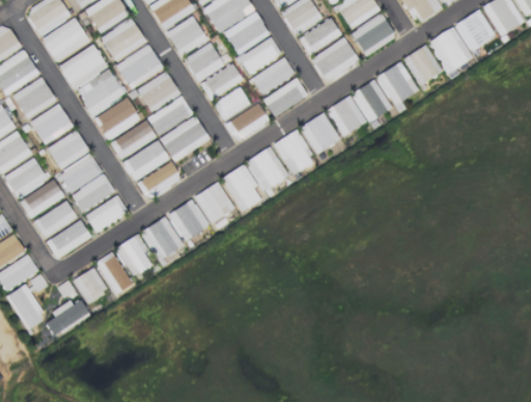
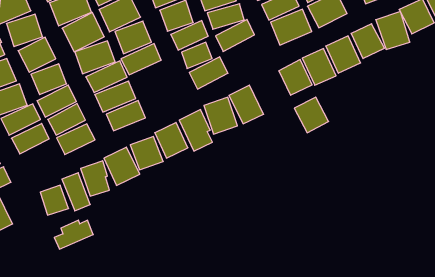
building: [263,79,307,114] -> none
building: [300,112,340,153] -> [294,97,329,133]
building: [160,115,211,161] -> none
building: [47,221,91,257] -> none
building: [46,298,89,335] -> [54,220,93,249]

